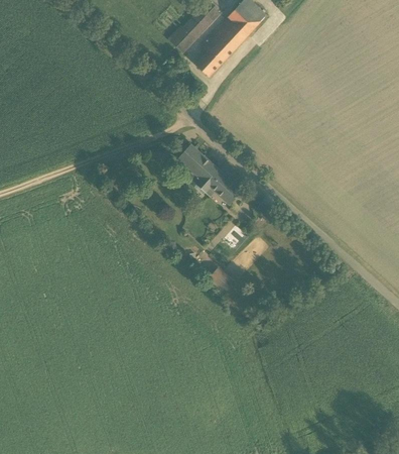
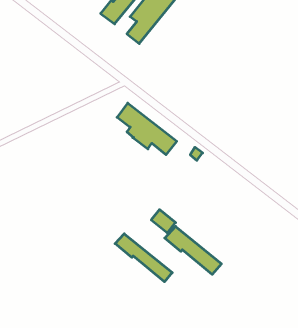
building: none -> [165,226,221,274]
building: none -> [115,234,172,282]

